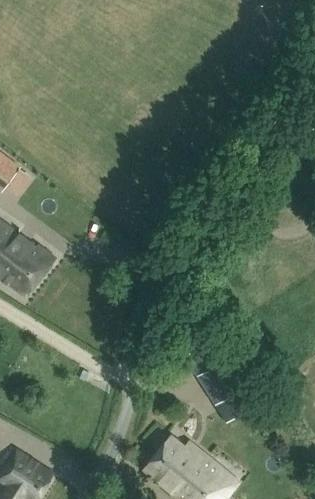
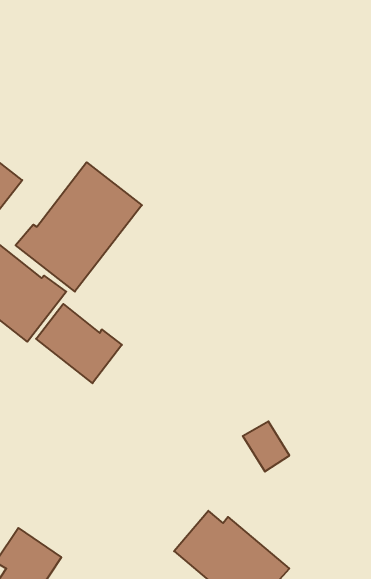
building: none -> [16,162,142,292]
building: none -> [36,304,122,383]

